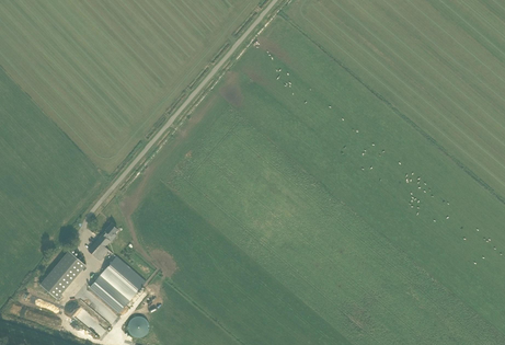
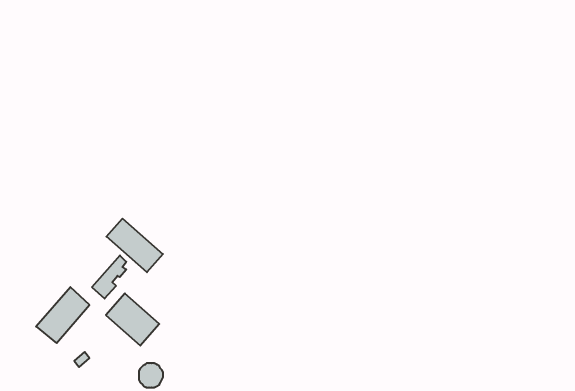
building: none -> [106,219,163,272]
building: [88,274,128,312] -> none

